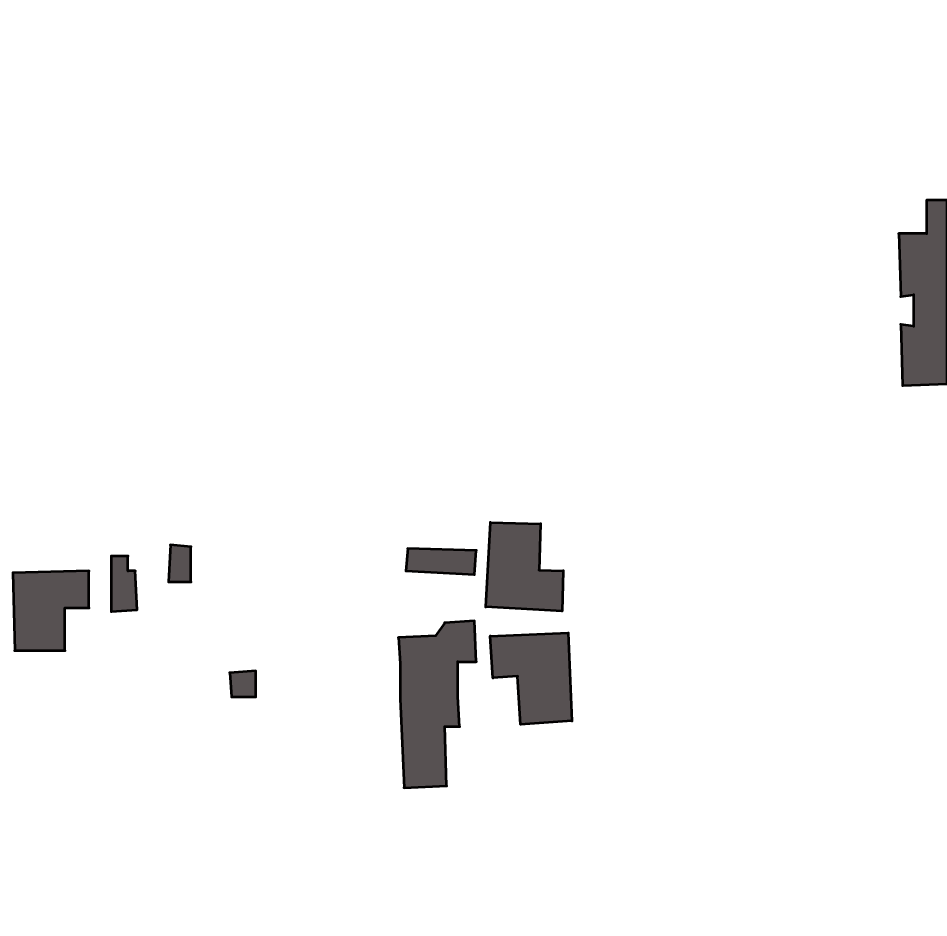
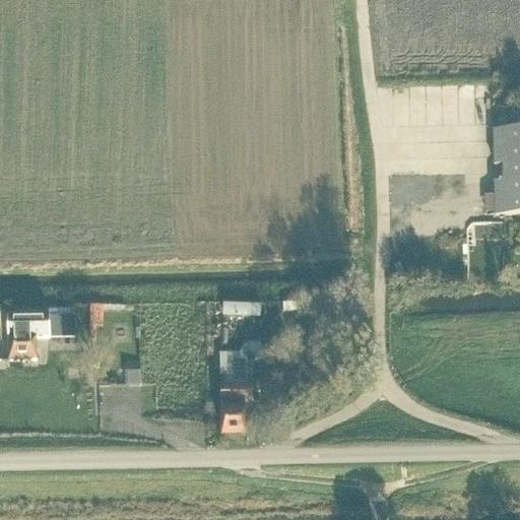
building: [486,522,563,611] -> none
building: [490,633,572,724] -> none

